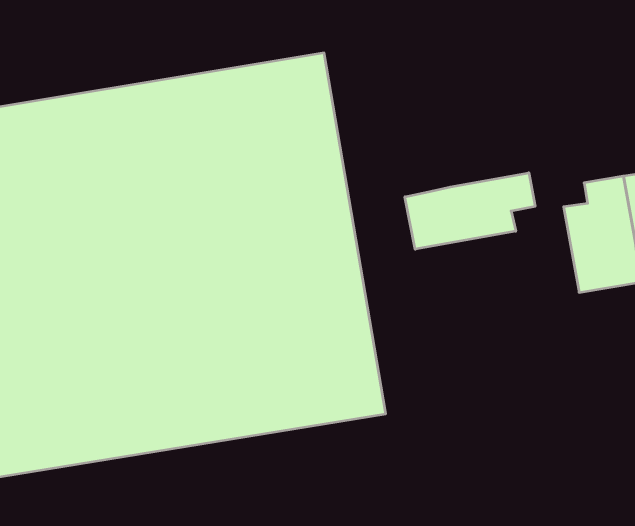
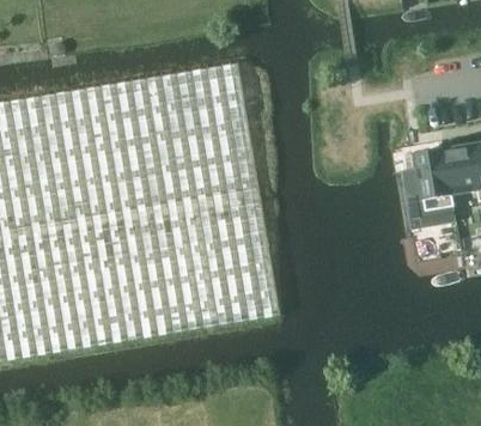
building: [405,173,535,249] -> none

